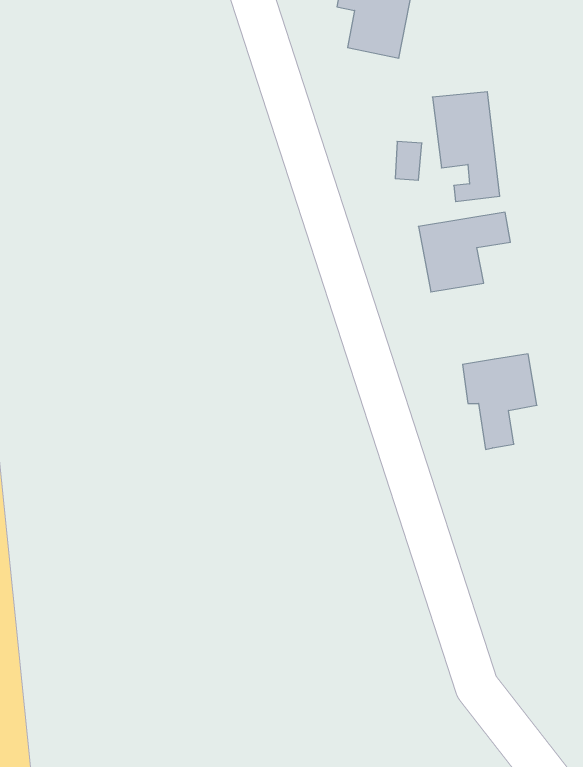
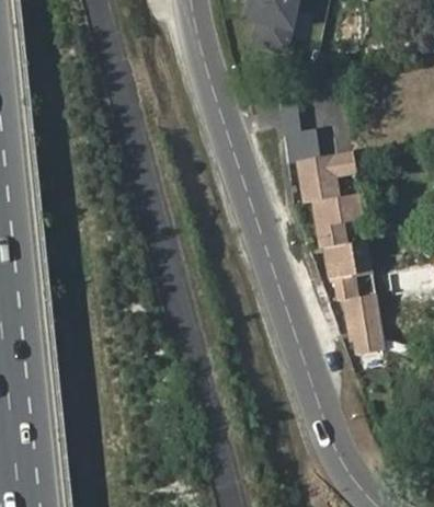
building: none -> [315,191,364,245]
building: none -> [344,291,386,349]

